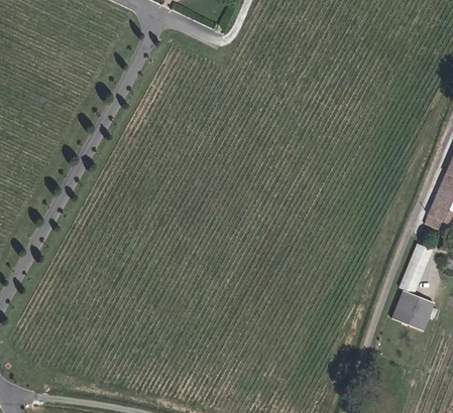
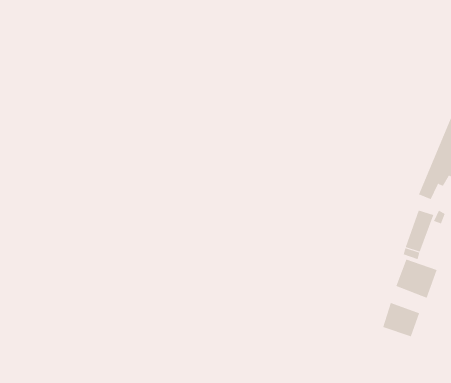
building: none -> [383,302,420,337]

